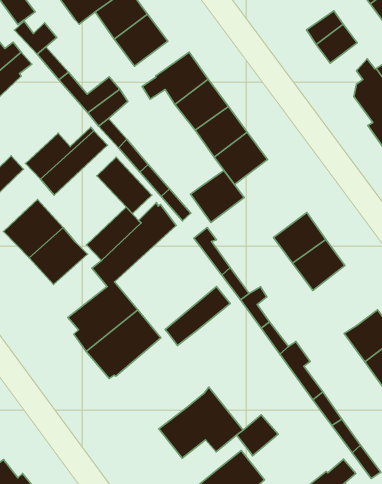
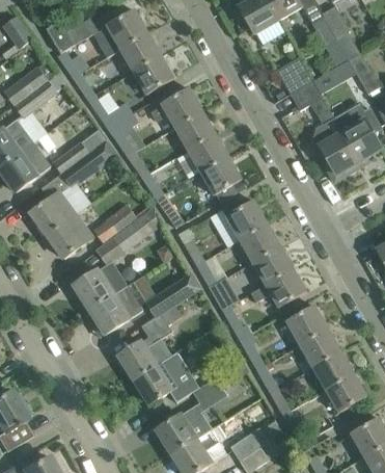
building: [97,157,152,214] -> none
building: [190,170,244,222] -> [226,201,268,240]
building: none -> [250,268,306,308]
building: none -> [118,305,181,379]

